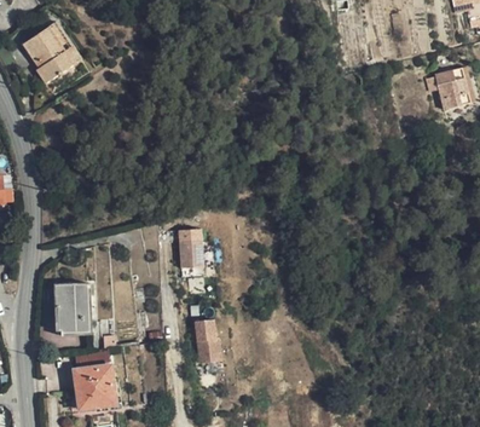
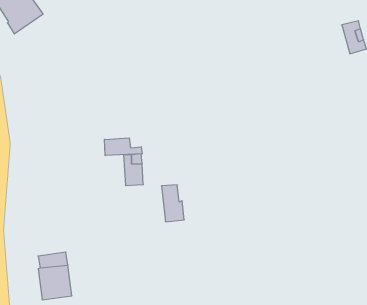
building: none -> [104,138,142,156]
building: [53,284,88,331] -> none
building: [195,321,222,365] -> [161,185,184,222]

